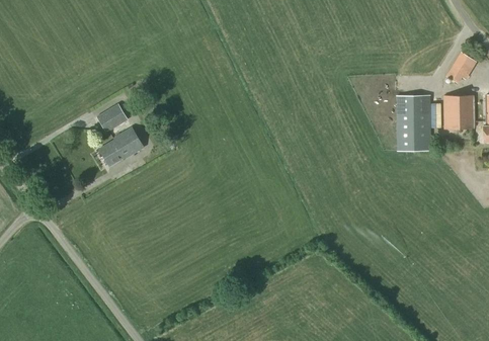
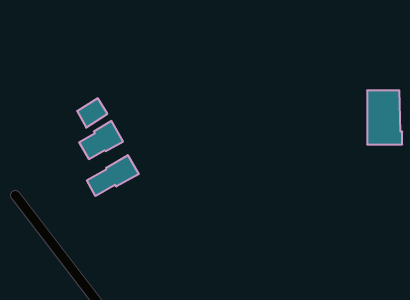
building: none -> [87,155,139,196]

